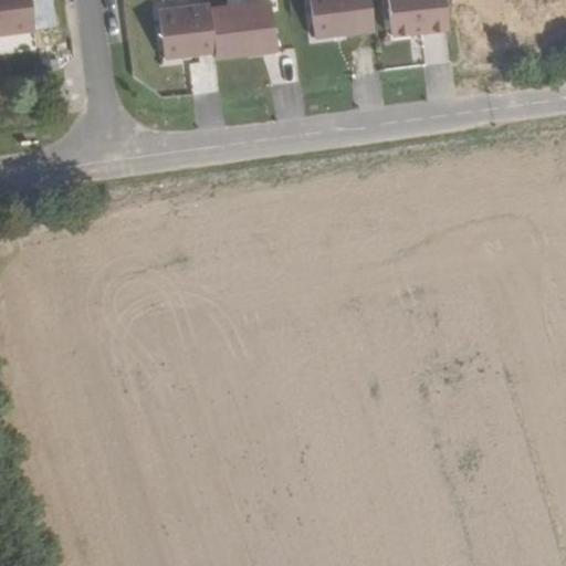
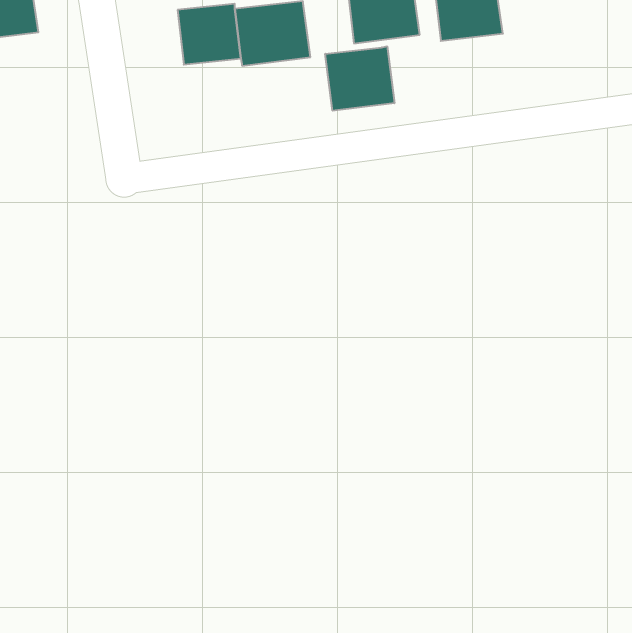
building: none -> [325,46,394,111]

